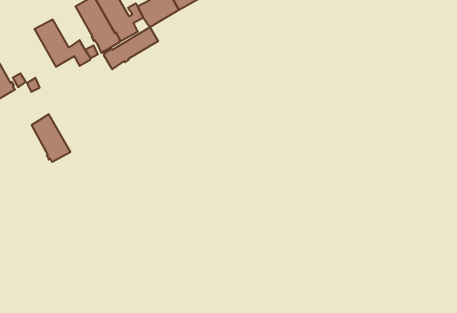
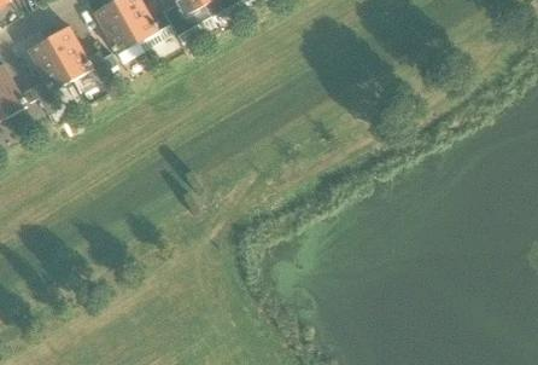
building: [104,27,158,69] -> none
building: [32,114,70,162] -> [28,36,71,89]

